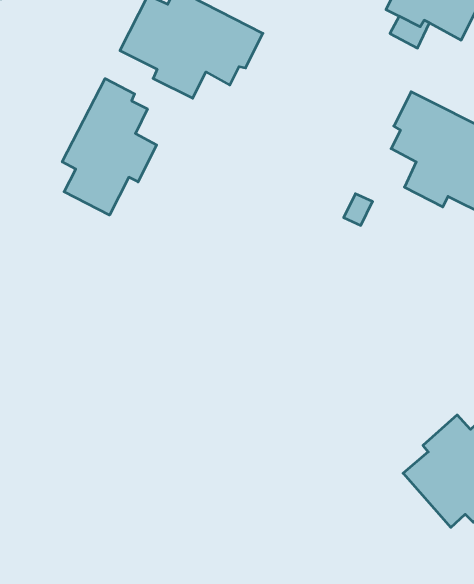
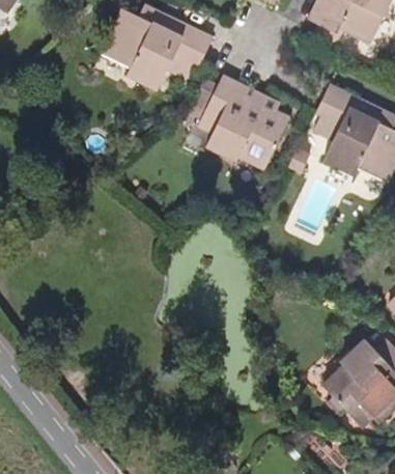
building: [62,79,157,215] -> none
building: none -> [182,75,290,169]

